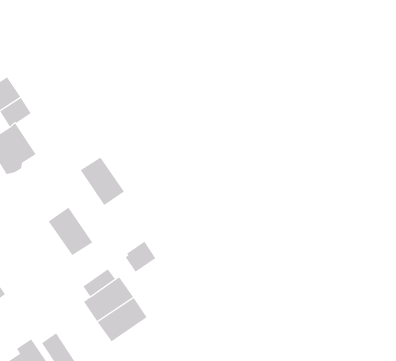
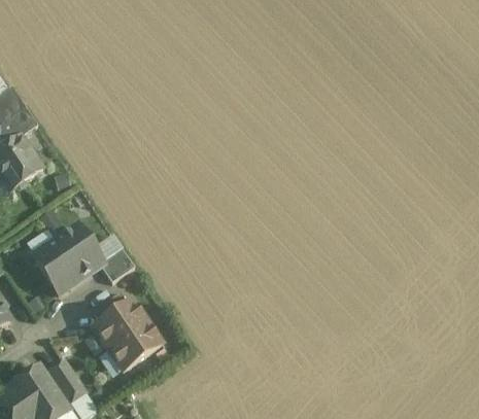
building: [80,157,125,206] -> [32,241,80,293]
building: [125,241,156,273] -> [100,248,134,282]

